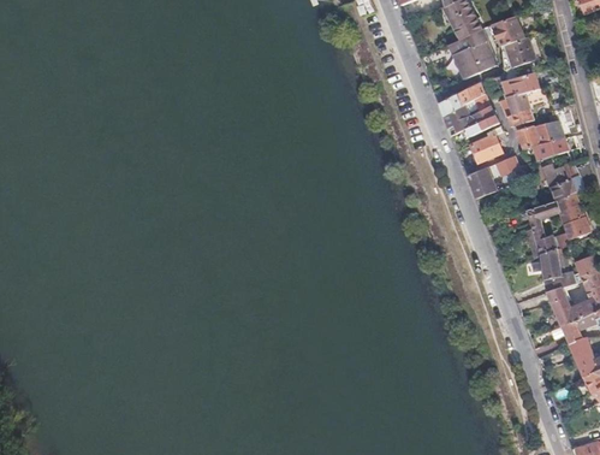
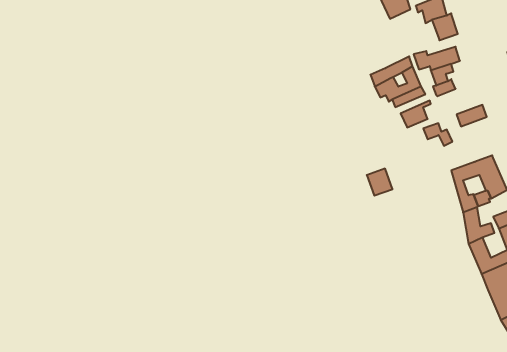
building: [450,29,495,79] -> none
building: [517,119,563,149] -> none
building: [549,161,584,200] -> none
building: [467,167,495,197] -> [367,169,393,196]

